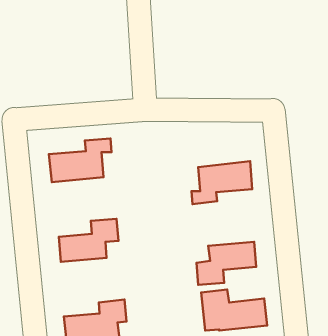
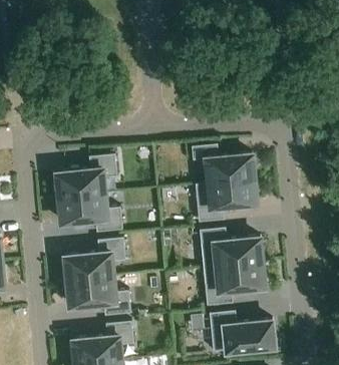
building: none -> [193,145,258,186]
building: none -> [58,196,122,234]
building: none -> [199,226,262,265]
building: none -> [67,277,130,315]

